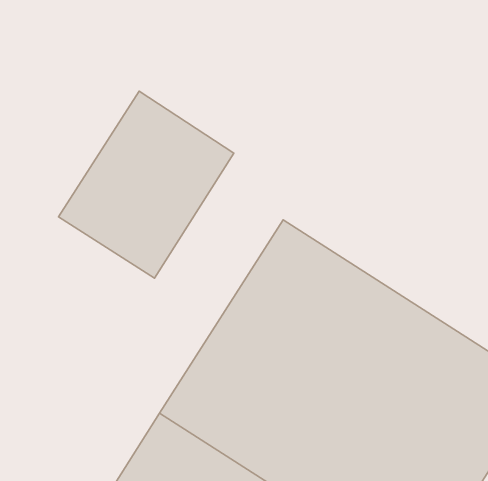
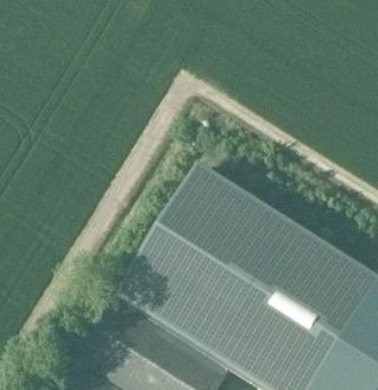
building: [59,91,234,278] -> none

